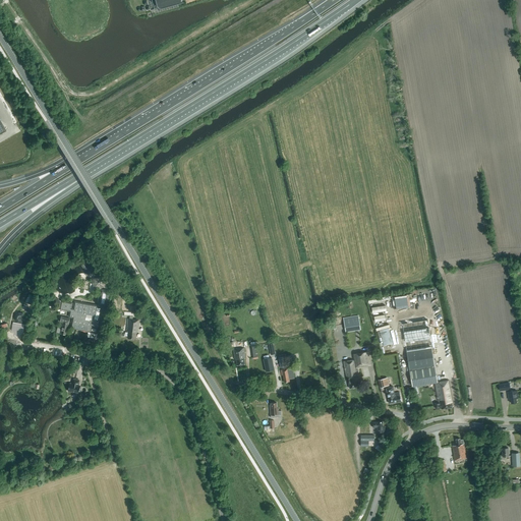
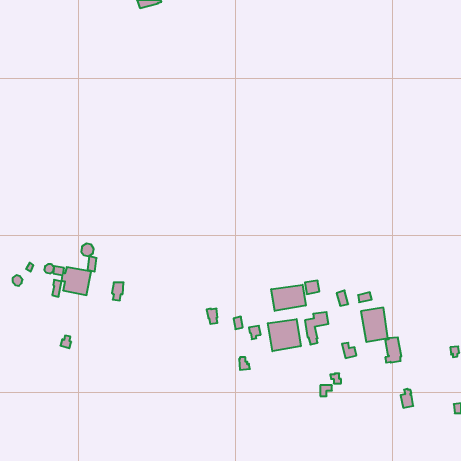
building: none -> [271,285,306,311]
building: none -> [268,319,301,351]

